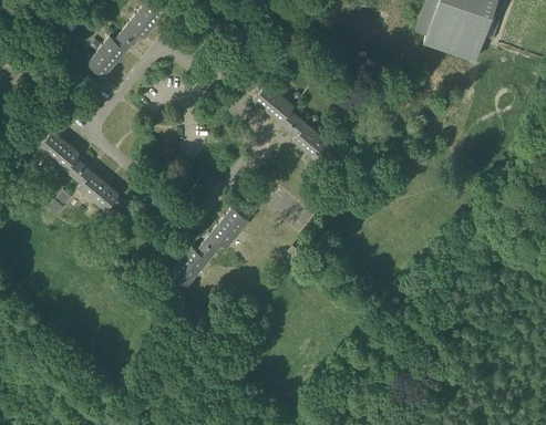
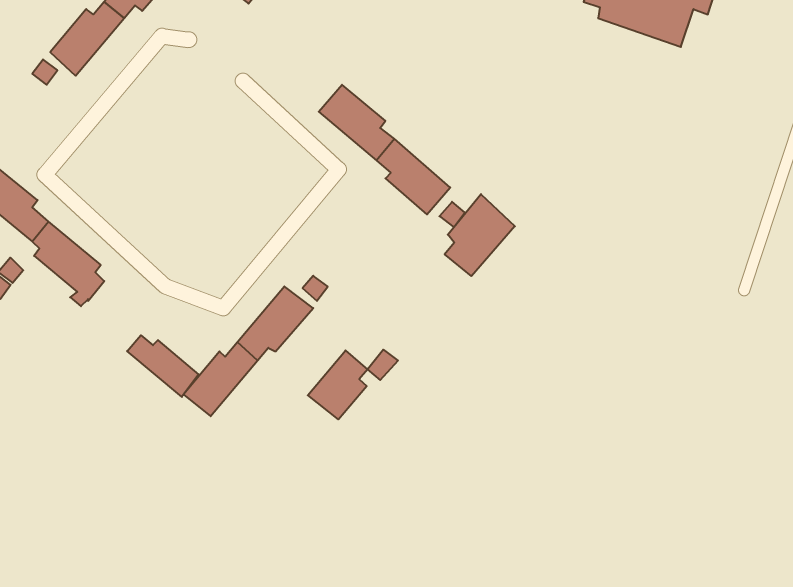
building: none -> [445,194,515,276]
building: none -> [127,335,199,397]
building: none -> [308,350,367,419]

